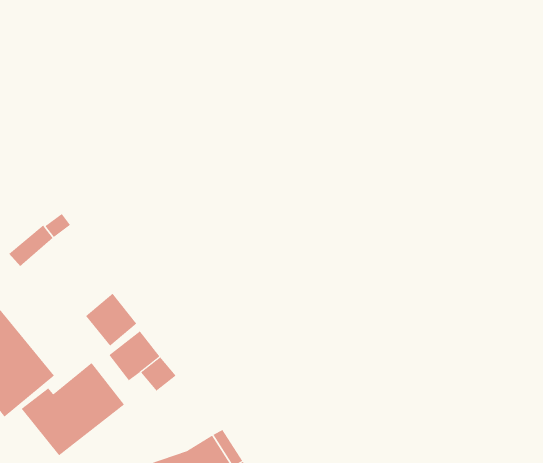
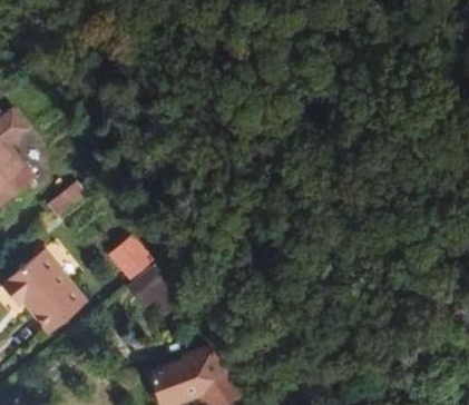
building: [21,362,125,456] -> none

